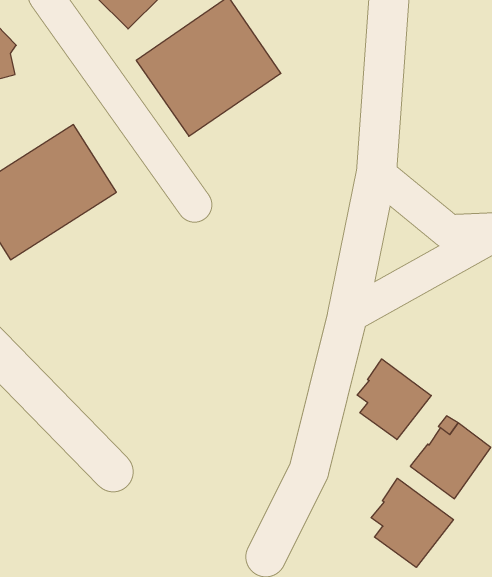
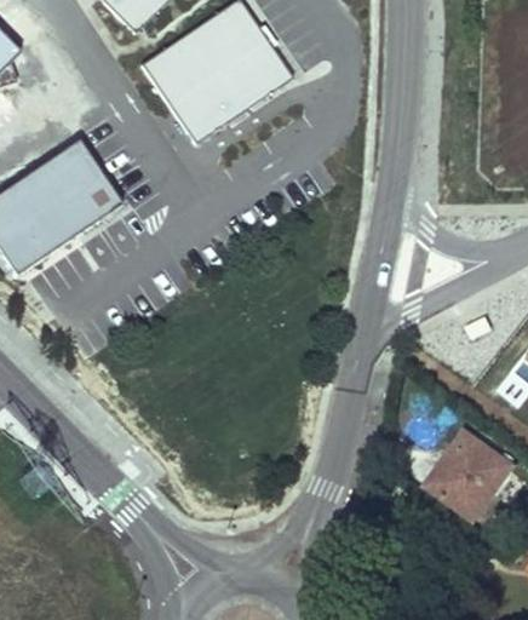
building: [357,359,431,440] -> none
building: [371,478,453,567] -> none

